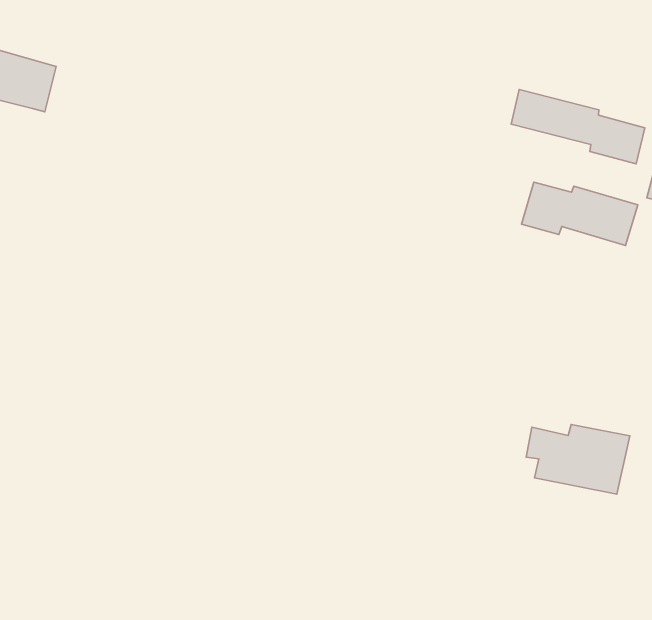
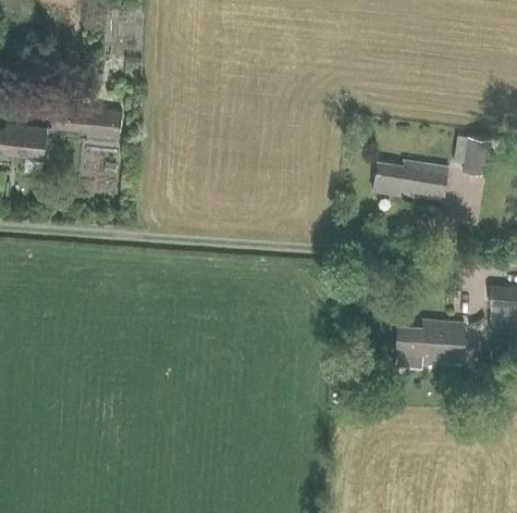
building: none -> [52,104,122,142]
building: [511,89,645,164] -> none

